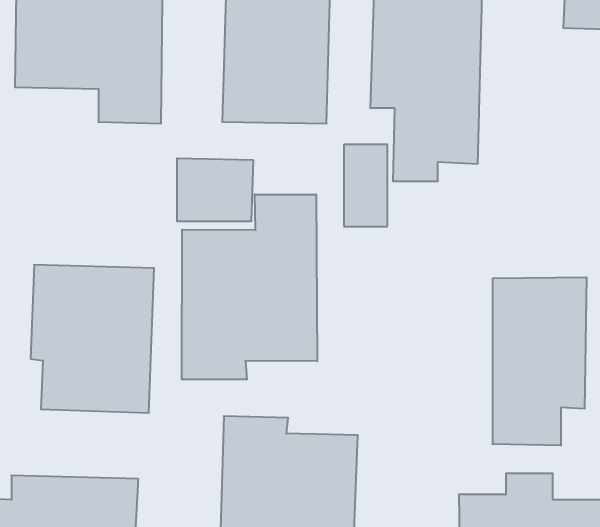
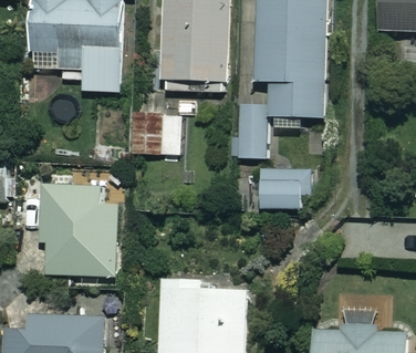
building: [182,194,317,380] -> none
building: none -> [260,170,304,208]
building: [493,277,587,446] -> none

